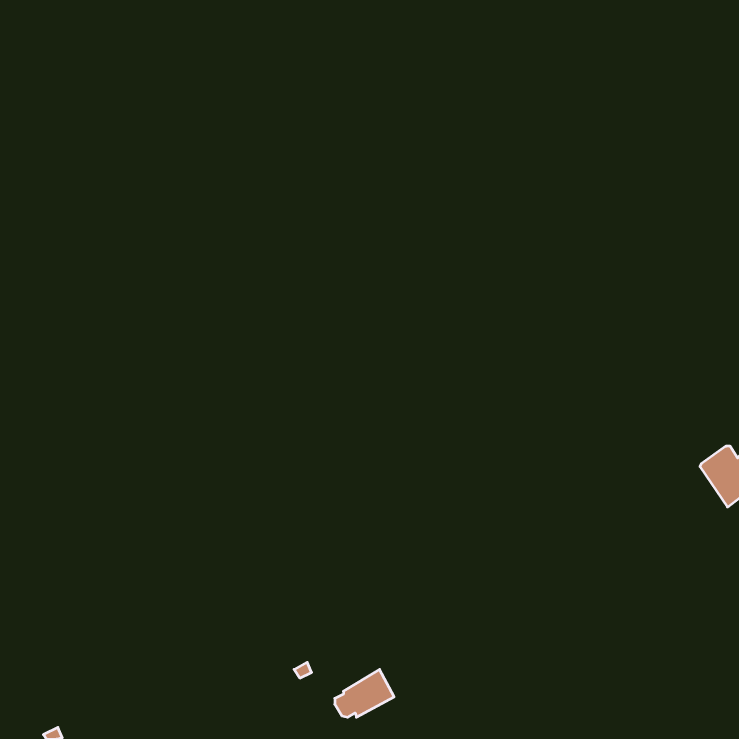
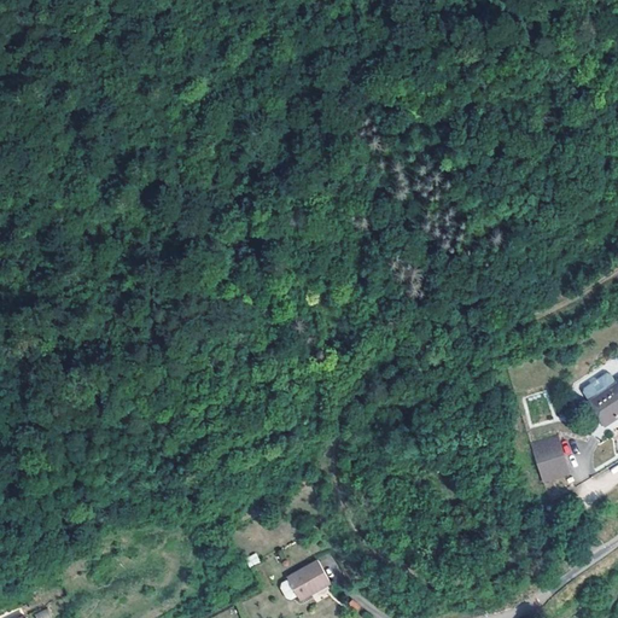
building: none -> [532,445,570,489]

